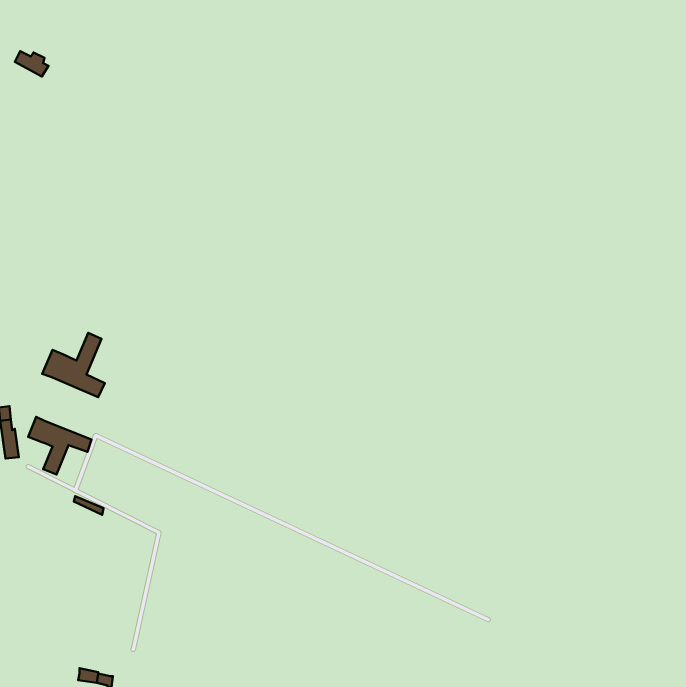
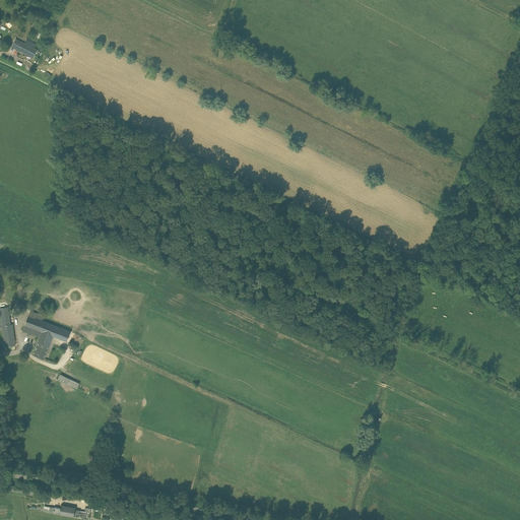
building: [42,333,105,397] -> none

